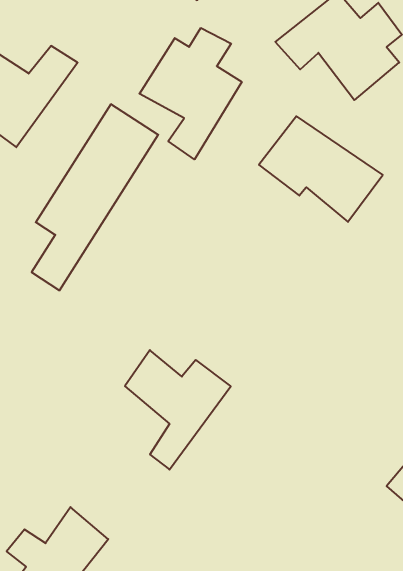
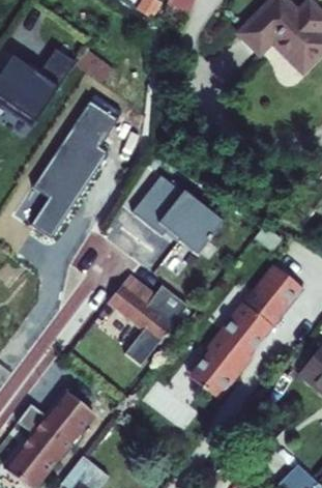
building: [139,28,242,159] -> none
building: [259,116,383,222] -> [127,179,219,258]
building: none -> [193,266,299,401]

